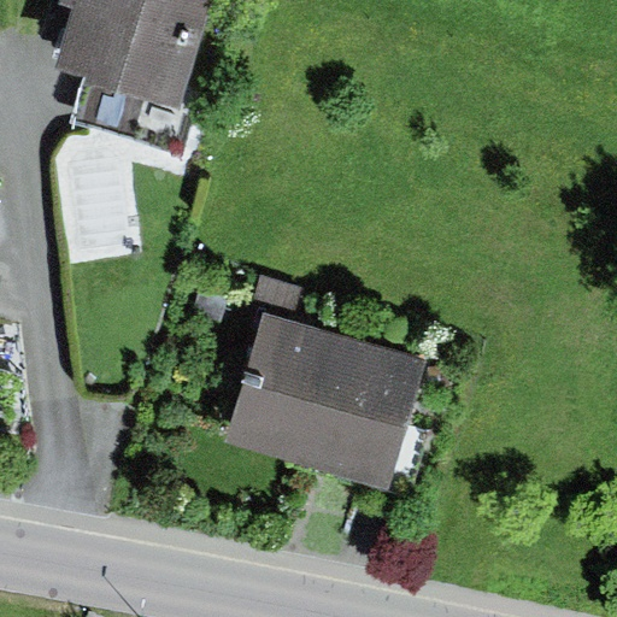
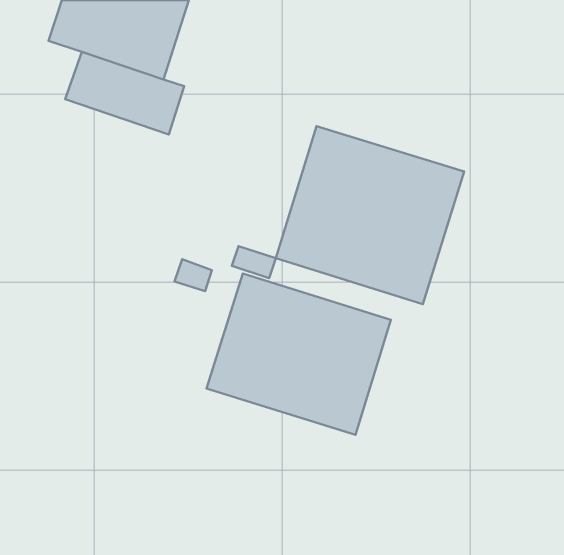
building: none -> [276,126,464,304]

